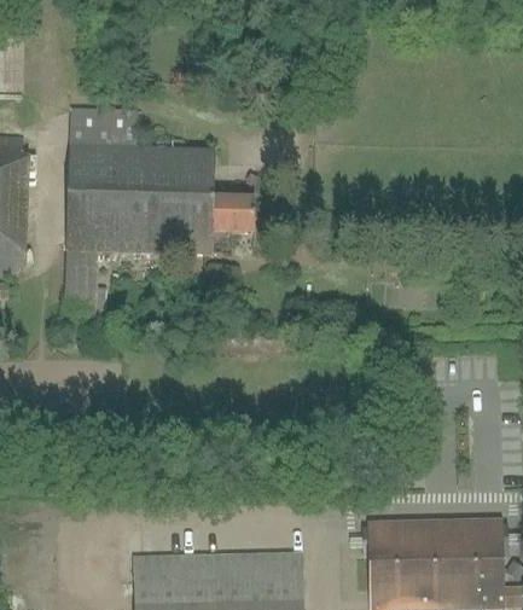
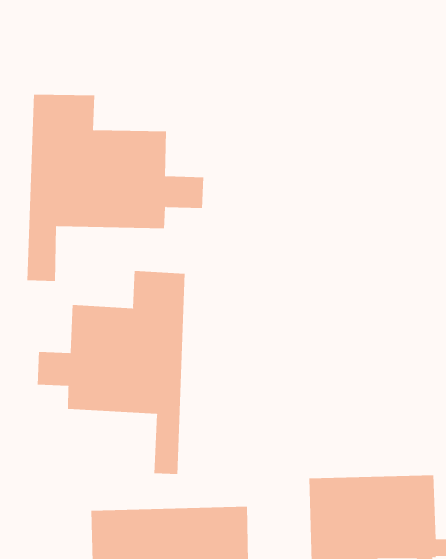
building: none -> [37,270,185,475]

